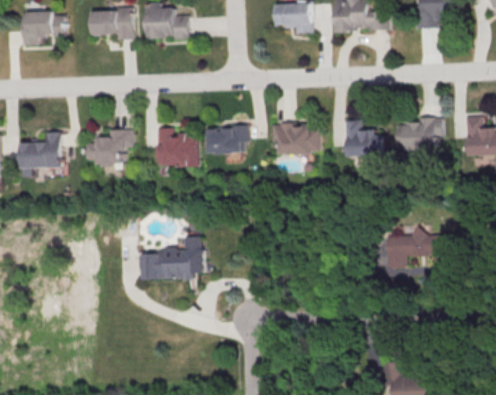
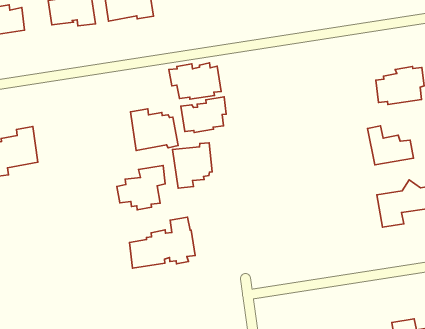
building: [343,118,384,155] -> [367,126,413,165]
building: [271,122,319,156] -> [169,63,221,99]
building: [84,128,131,168] -> [117,166,165,210]
building: none -> [173,143,212,188]

